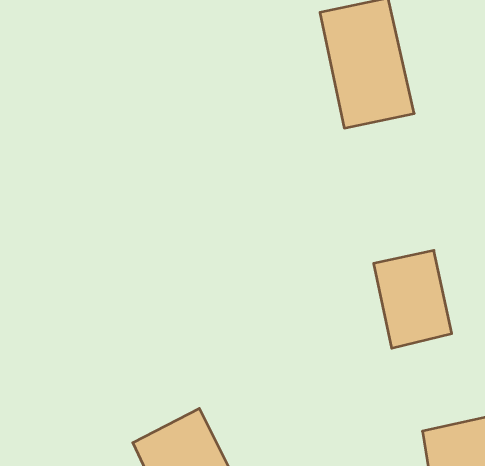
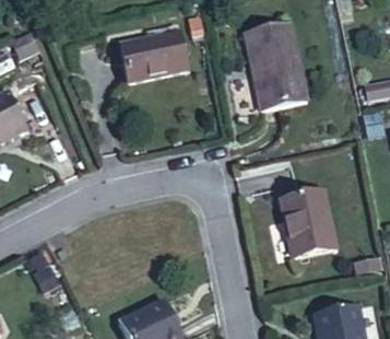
building: none -> [120,30,187,81]

